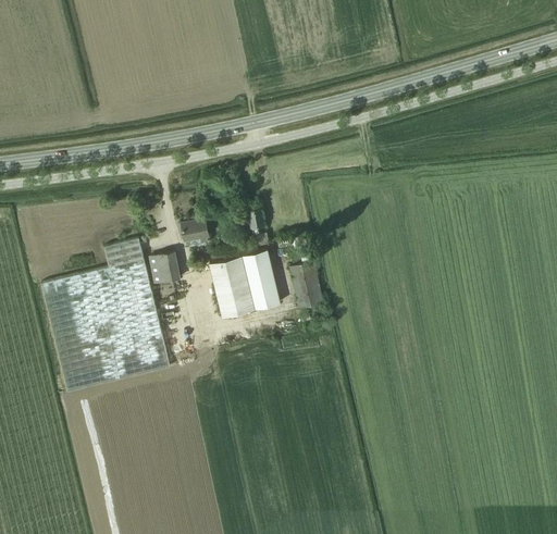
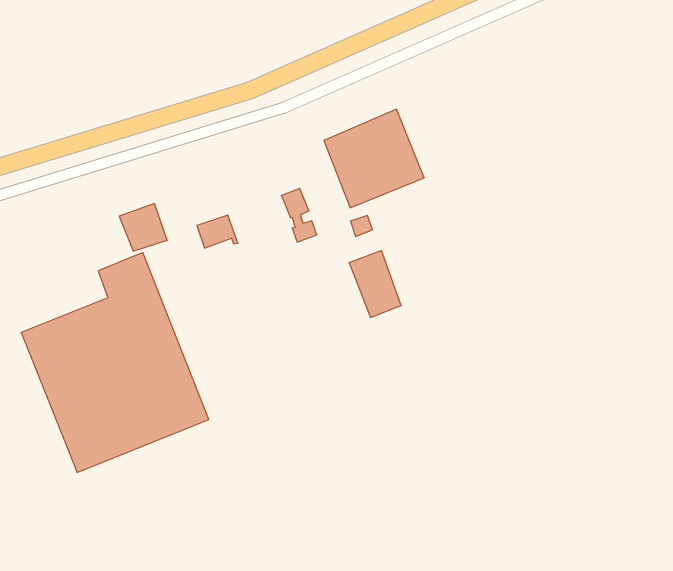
building: [210,250,280,318] -> [324,109,424,208]
building: [148,251,181,284] -> [119,204,167,251]

